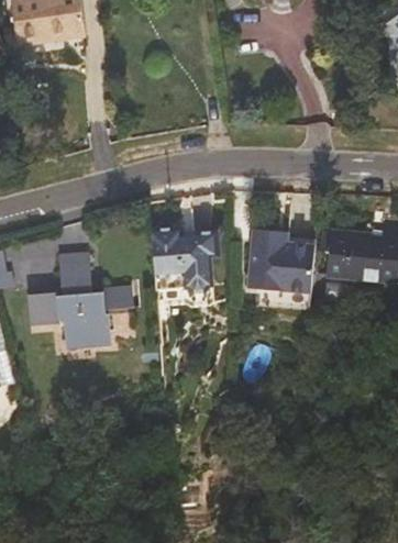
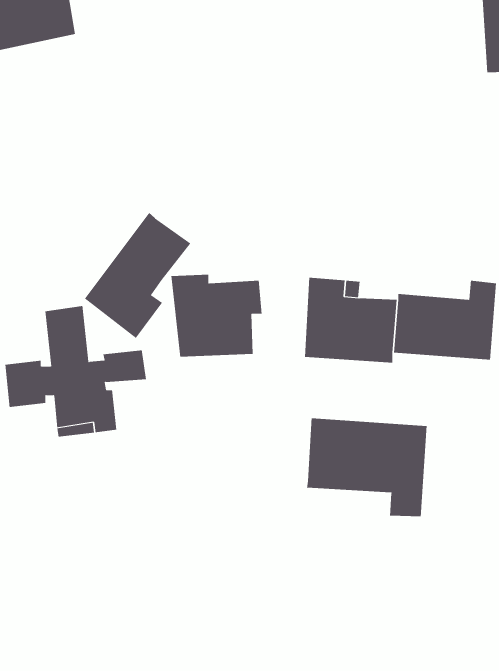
building: none -> [84,212,191,339]
building: none -> [306,418,427,517]

